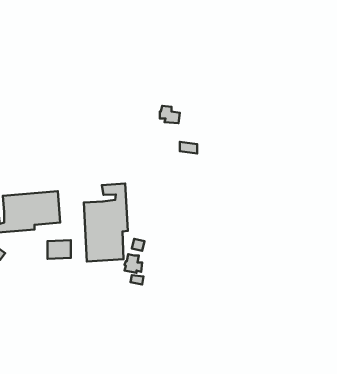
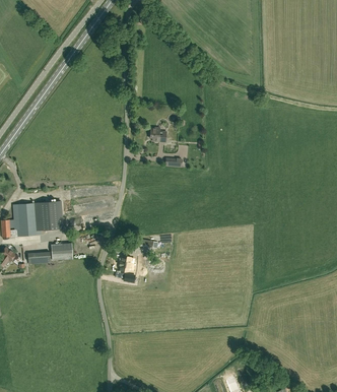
building: [84,183,128,261] -> none

